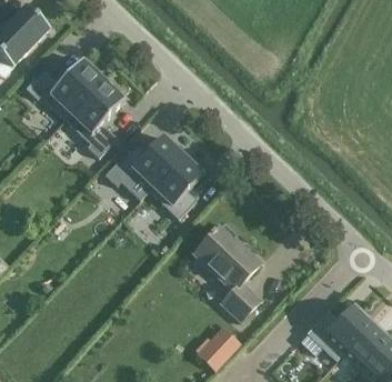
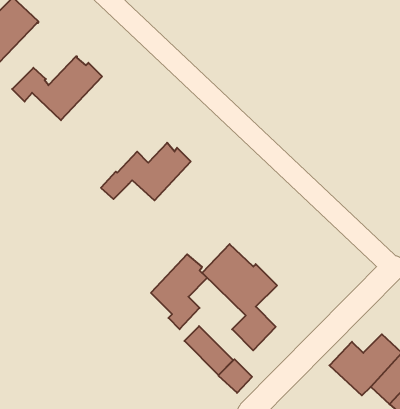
building: [68,78,123,158] -> none
building: [151,153,201,220] -> [151,254,207,329]
building: none -> [184,326,233,375]

